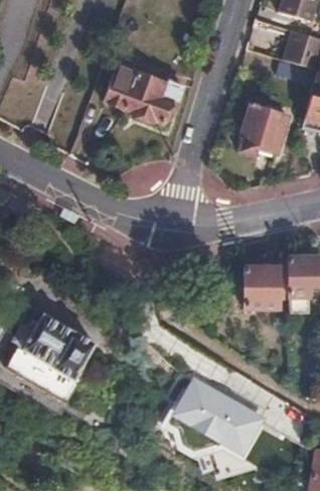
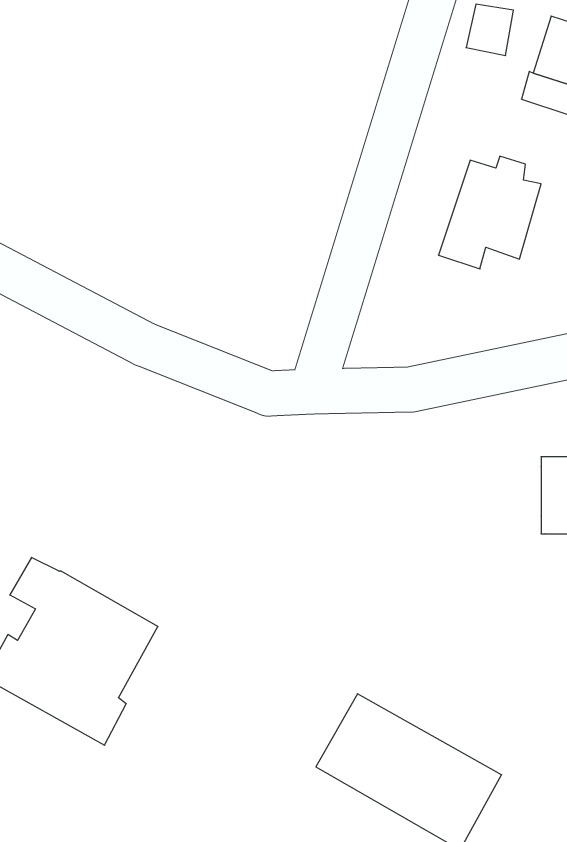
building: [107,66,182,123] -> none
building: [245,261,289,306] -> none

